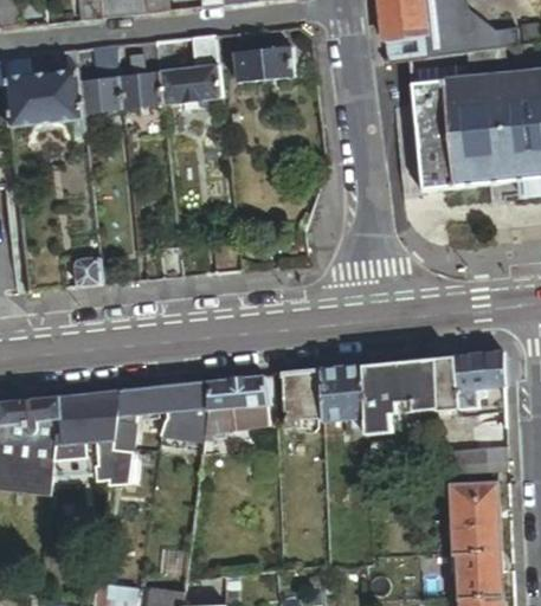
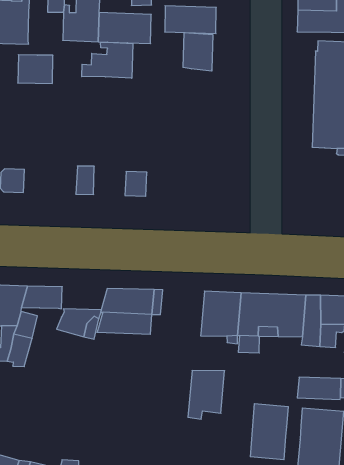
building: [79,75,122,111] -> [18,55,53,83]
building: none -> [183,33,213,71]
building: none -> [82,42,133,78]
building: [283,368,322,426] -> [188,371,225,419]
building: [159,380,210,410] -> none
building: none -> [250,404,288,460]

